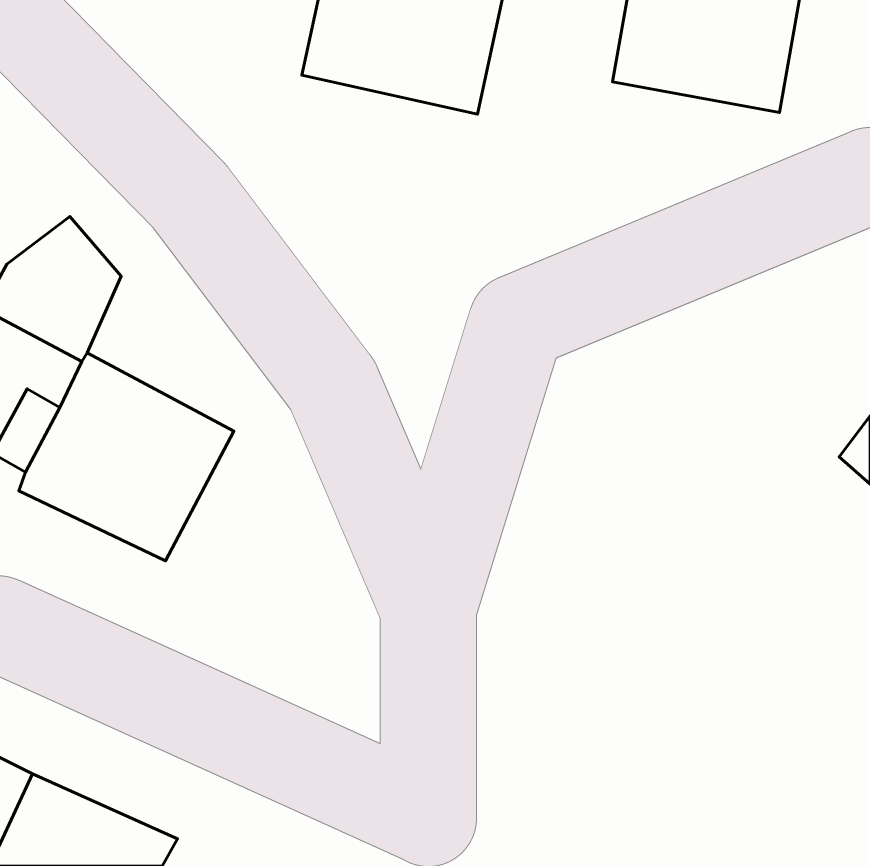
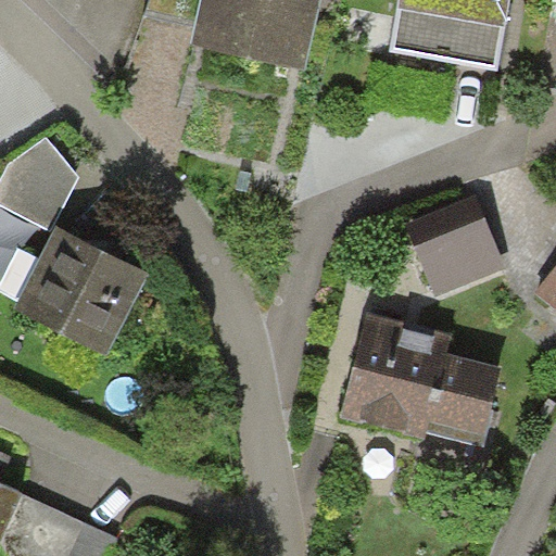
building: none -> [415,219,504,293]
building: none -> [340,313,496,438]

